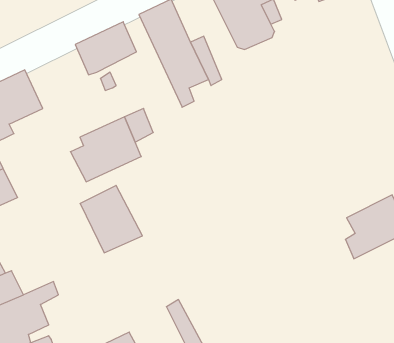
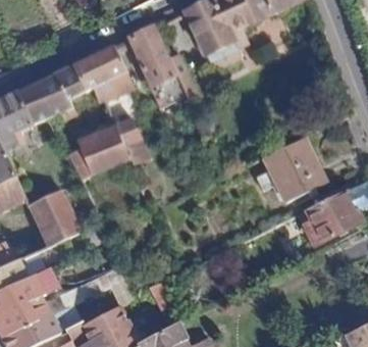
building: none -> [31,64,85,118]
building: none -> [262,136,325,202]
building: [80,185,142,253] -> [29,187,82,244]

